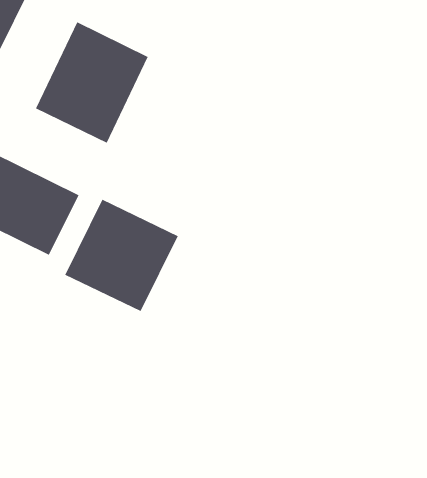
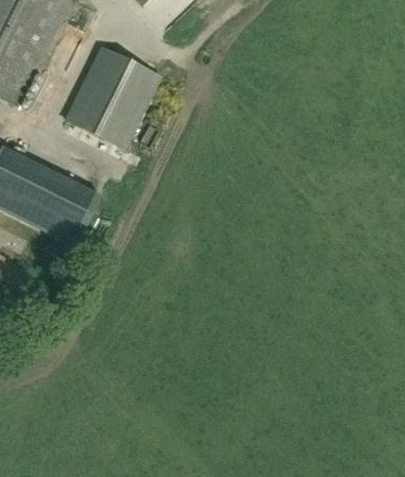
building: [64,199,178,312] -> none

